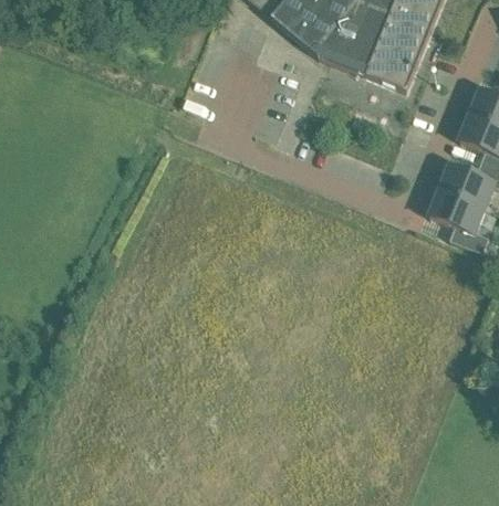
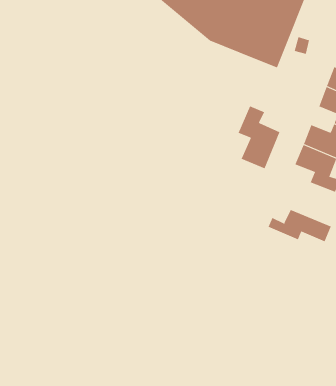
building: none -> [238,105,280,169]
building: none -> [268,209,332,242]

